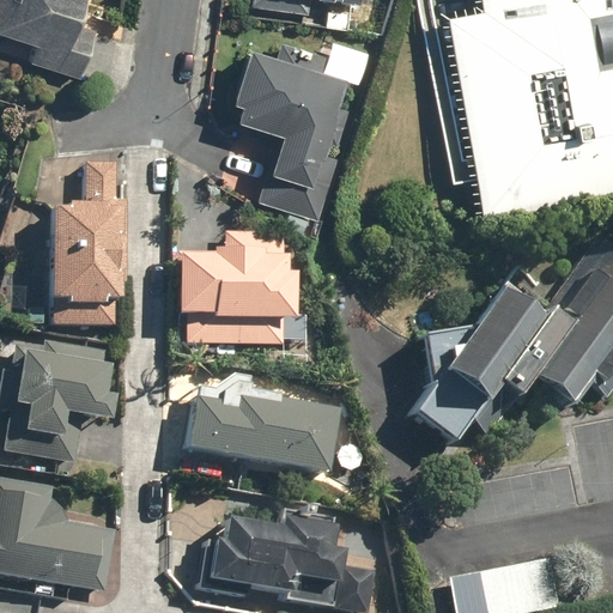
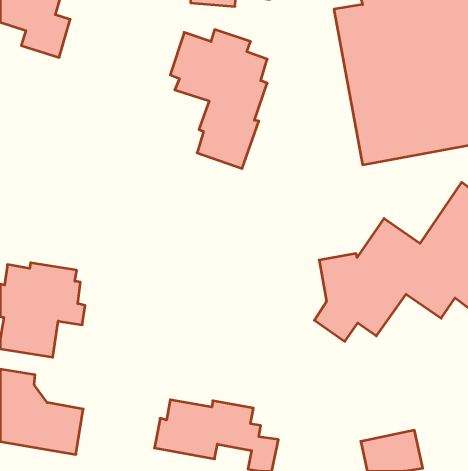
building: [53,162,126,324] -> none
building: [176,231,295,342] -> none
building: [186,396,340,472] -> none

